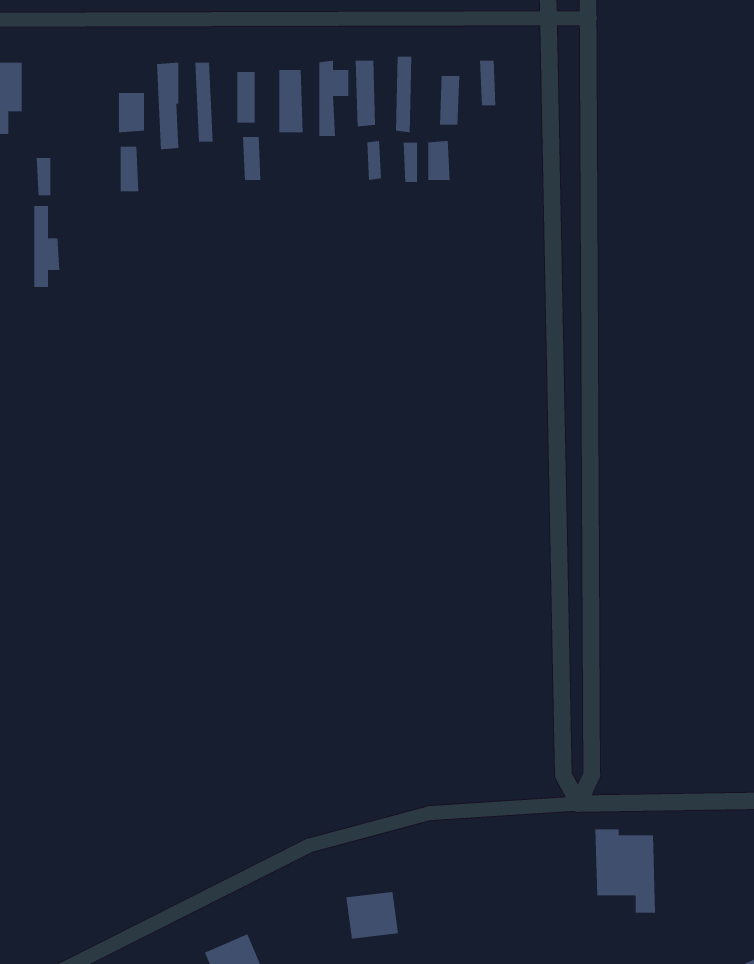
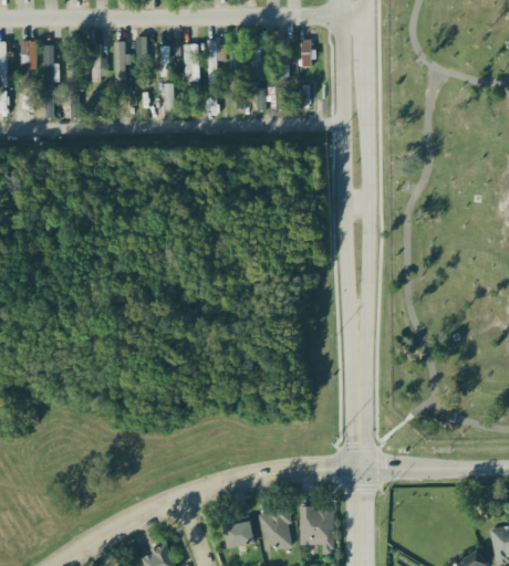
building: [33,205,60,288] -> [44,44,60,92]
building: [595,829,656,913] -> [299,505,334,554]
building: none -> [260,509,292,549]

